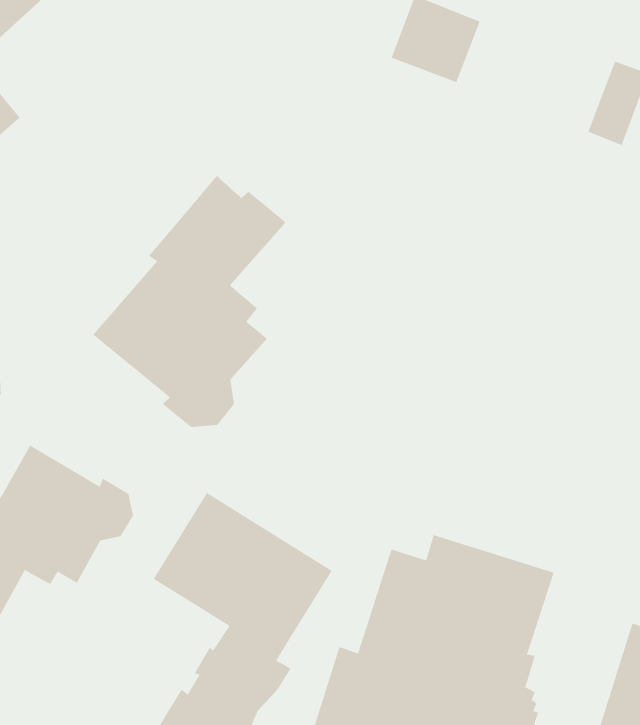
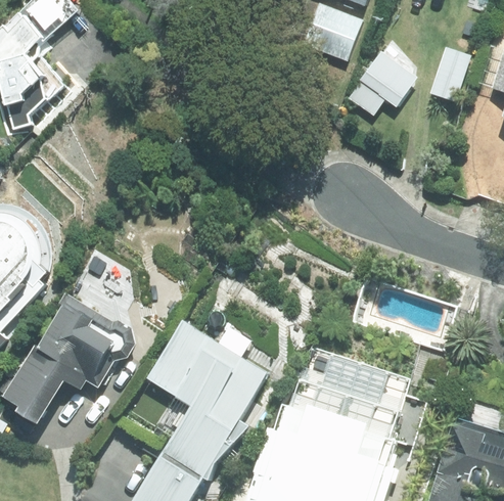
building: none -> [350,51,415,115]
building: [93,175,287,428] -> none

